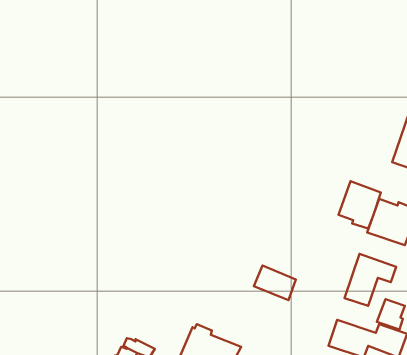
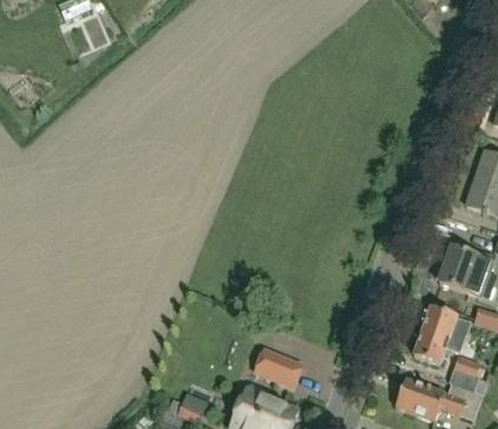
building: [338,181,381,229] -> none
building: [254,266,296,300] -> [254,347,300,385]

